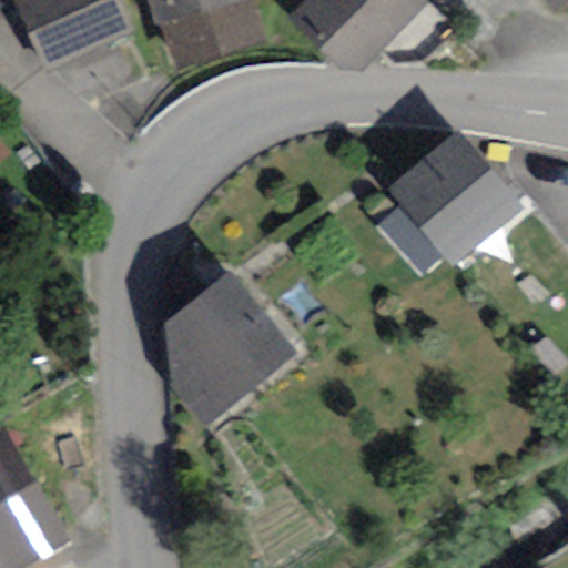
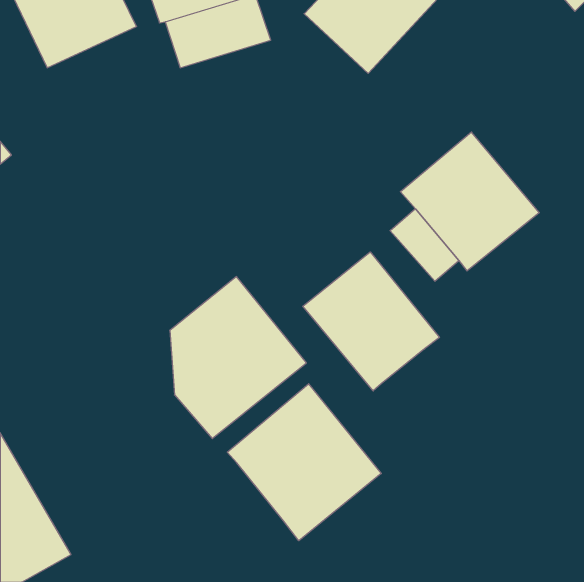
building: none -> [303,252,439,391]
building: none -> [227,384,381,541]

